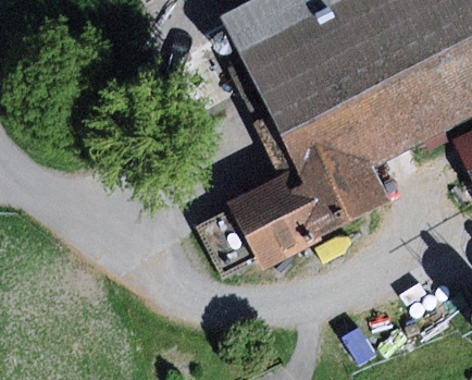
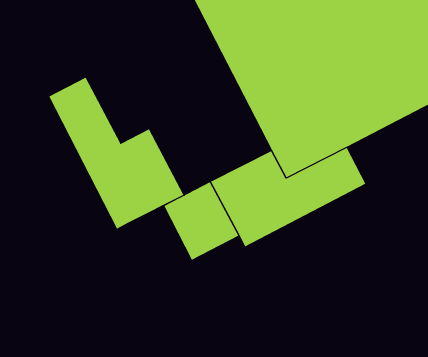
building: none -> [49,77,184,229]

